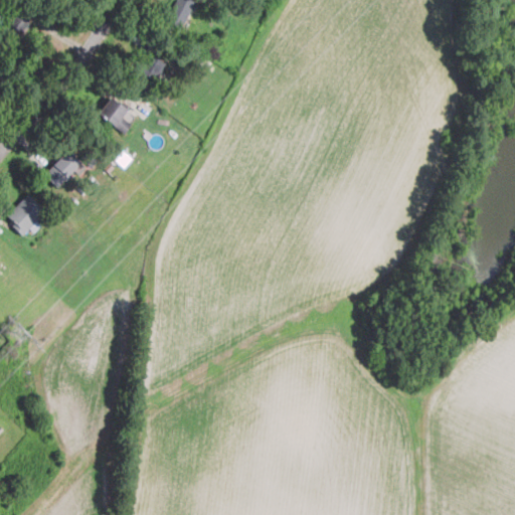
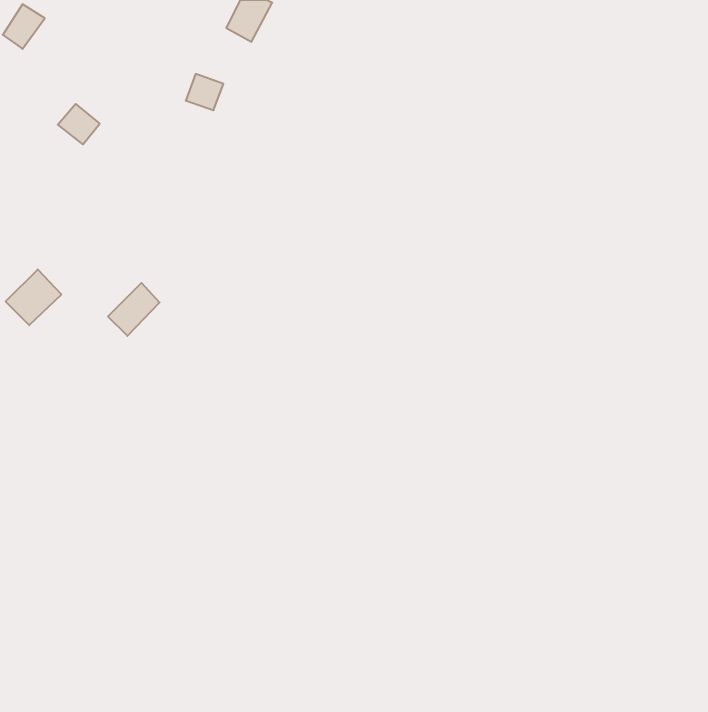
building: [101,99,131,128] -> [58,104,100,144]
building: [46,151,83,189] -> [108,283,160,336]

